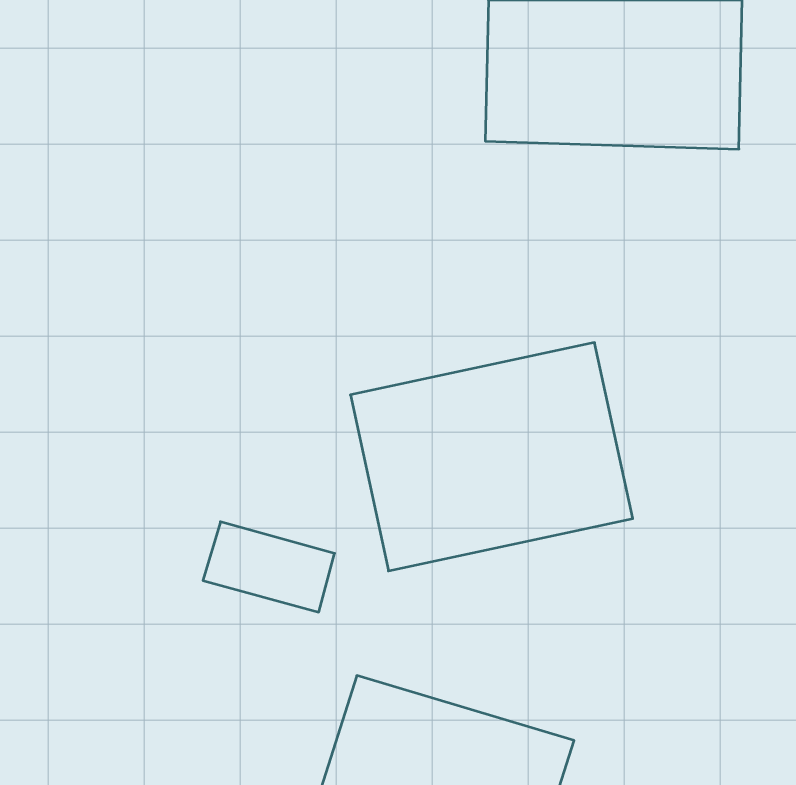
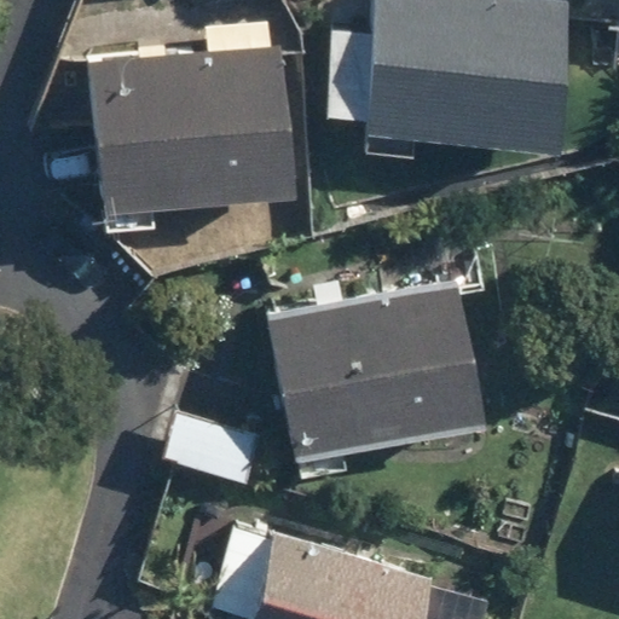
building: none -> [91,44,295,203]

